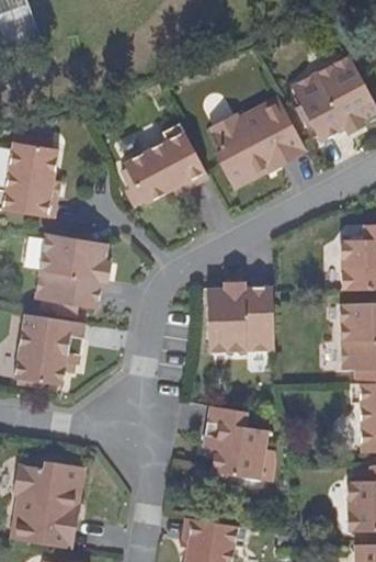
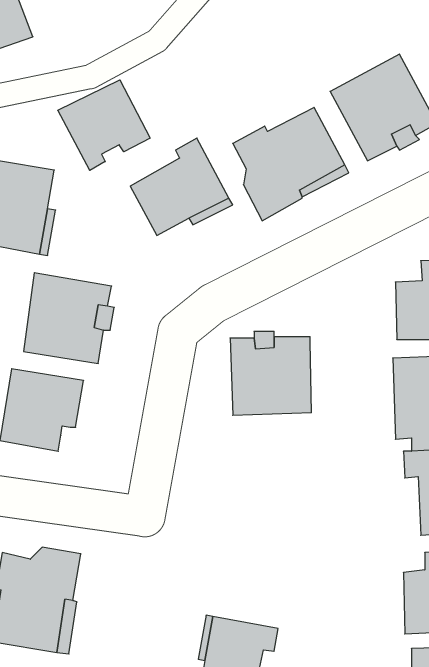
building: none -> [58,80,150,170]
building: [204,404,269,476] -> none

